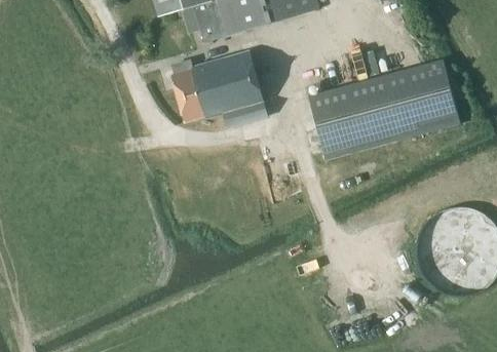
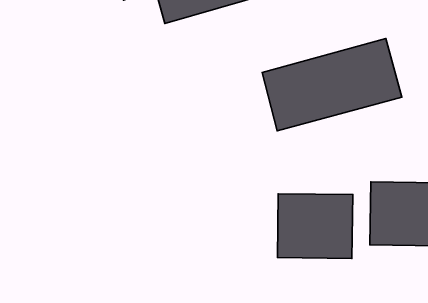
building: [171,50,267,127] -> none
building: none -> [277,194,353,259]

